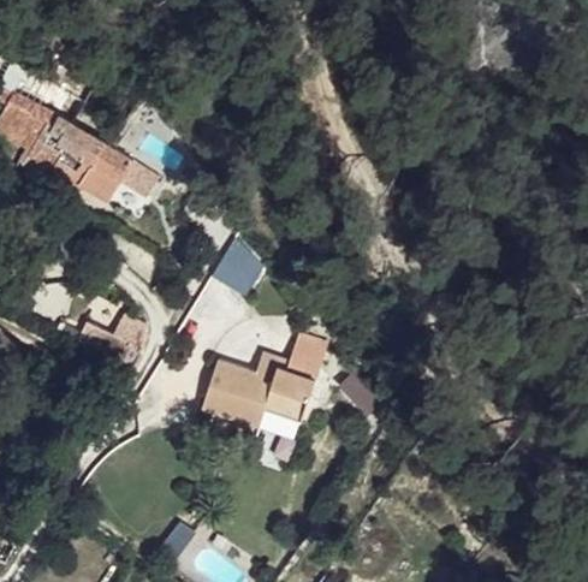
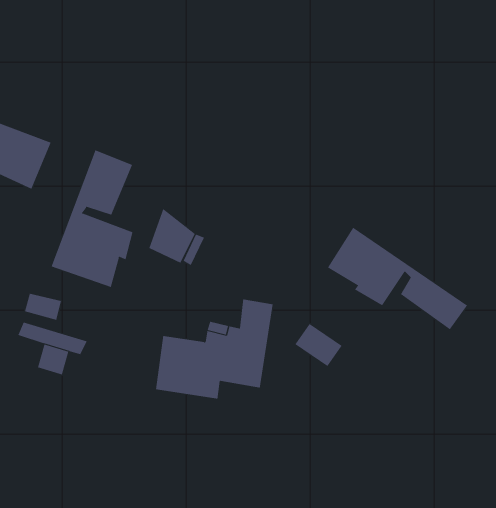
building: none -> [51,150,133,288]
building: none -> [327,227,468,330]

